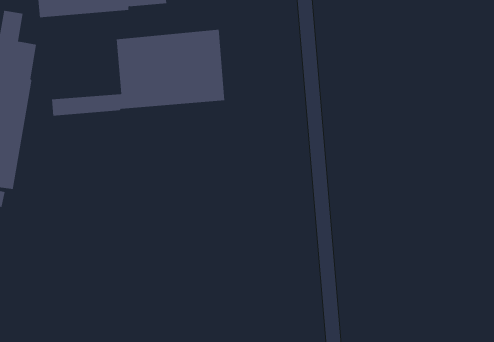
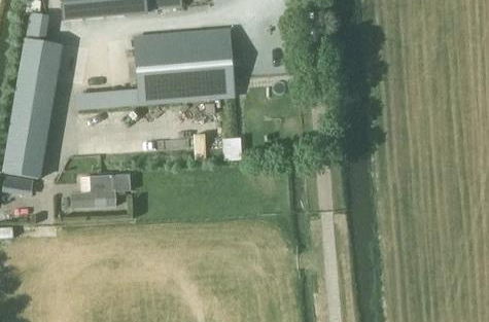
building: none -> [70,173,129,208]

